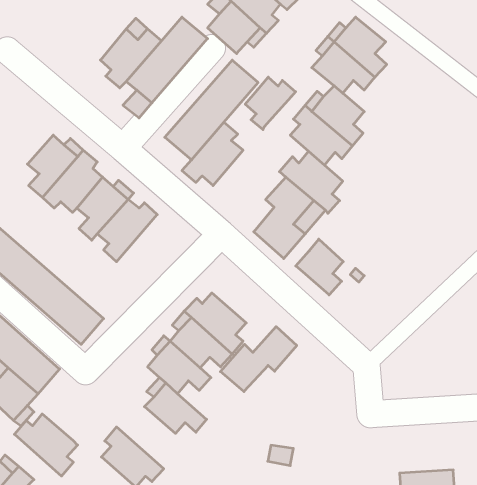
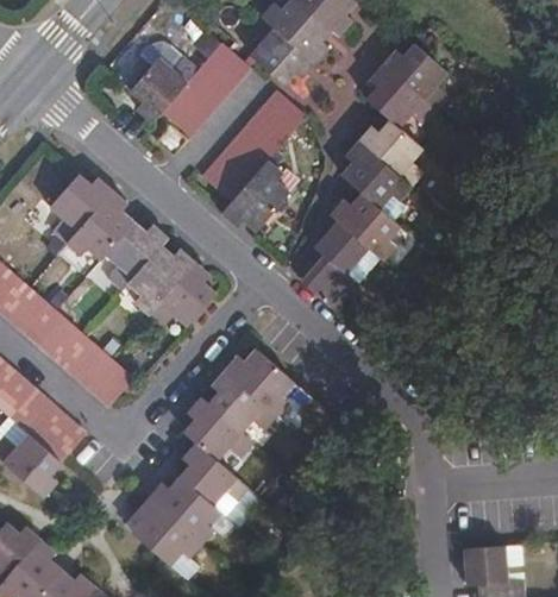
building: [245,77,296,130] -> none
building: none -> [148,262,213,326]
building: [296,239,343,295] -> none
building: [220,327,297,392] -> none
building: [14,414,78,476] -> [148,475,218,543]

